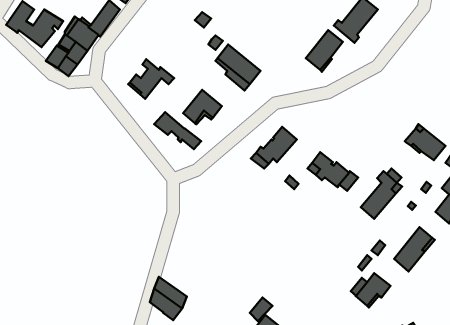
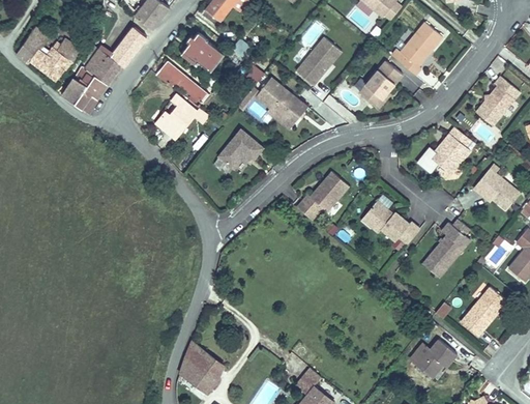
building: none -> [182,32,224,70]
building: none -> [296,36,342,85]
building: none -> [475,76,520,125]
building: none -> [430,126,471,174]
building: [154,112,201,149] -> [155,60,209,103]

